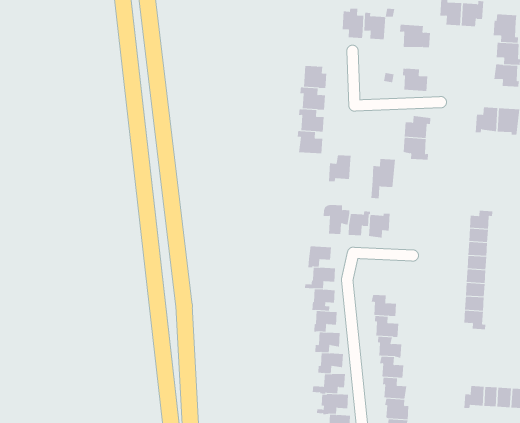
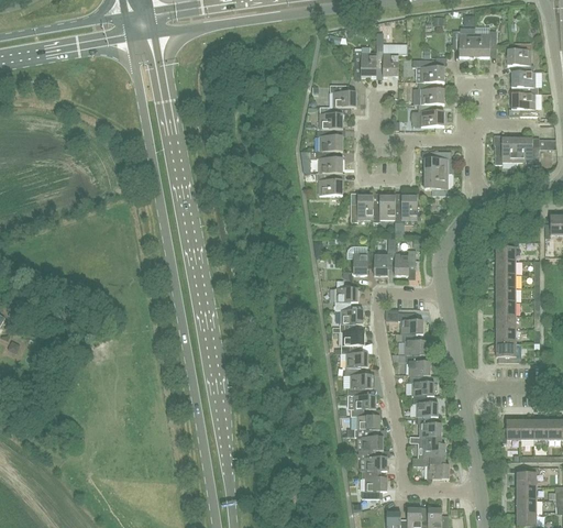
building: none -> [329,84,355,106]
building: none -> [418,80,444,102]
building: none -> [372,194,394,221]
building: none -> [386,309,422,332]

